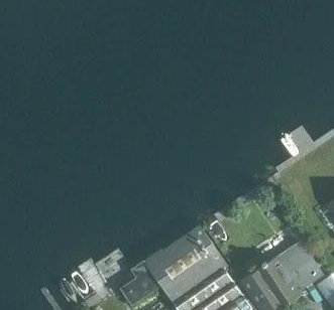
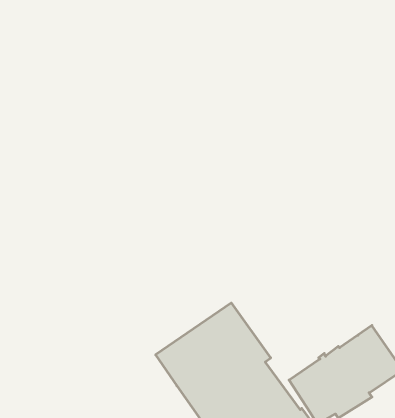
building: [120,263,158,304] -> none

